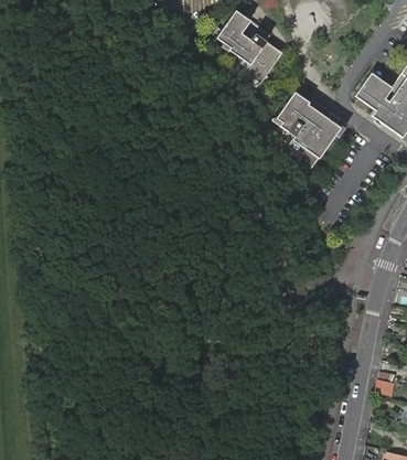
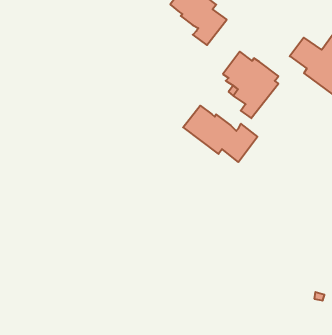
building: none -> [183,106,257,162]

